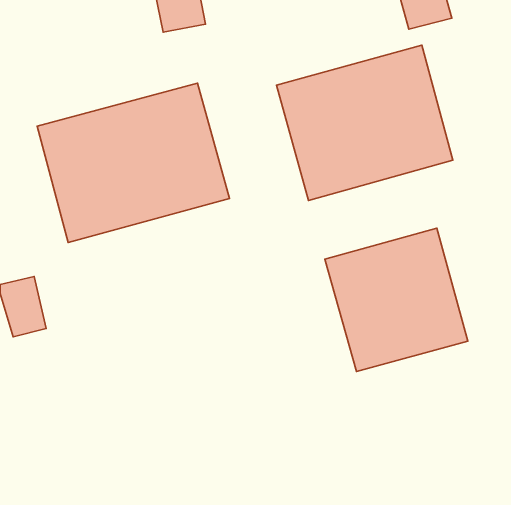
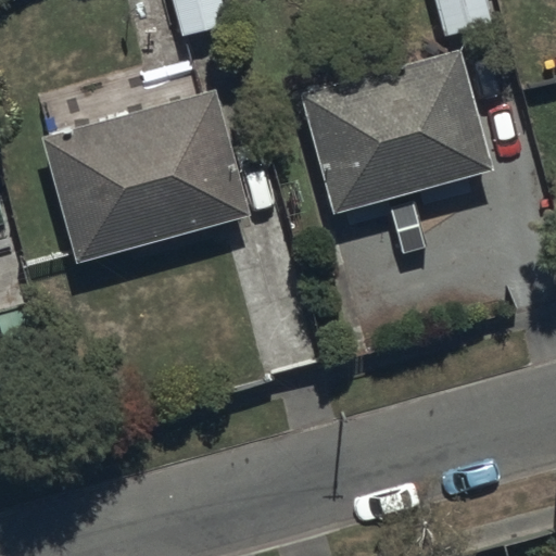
building: [325,228,468,372] -> none

